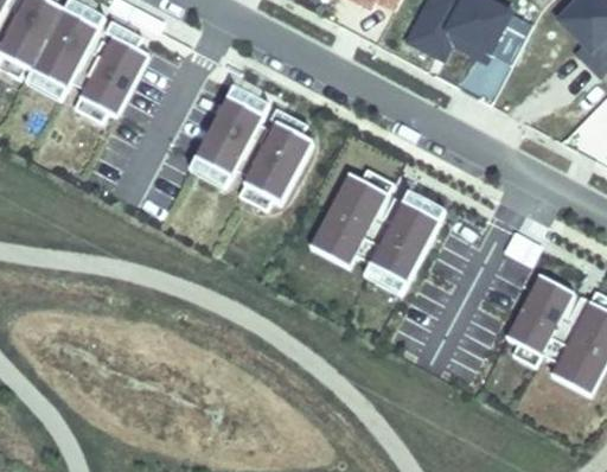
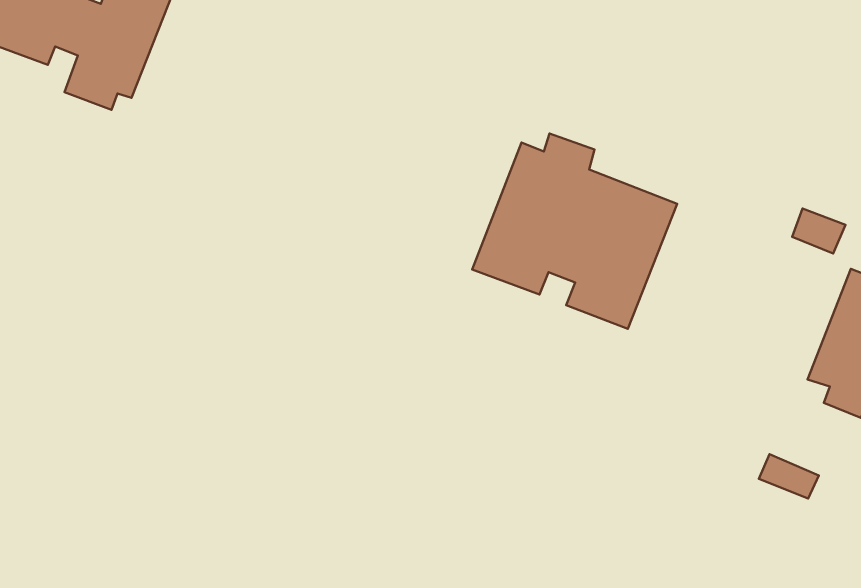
building: [196,93,314,208] -> none

